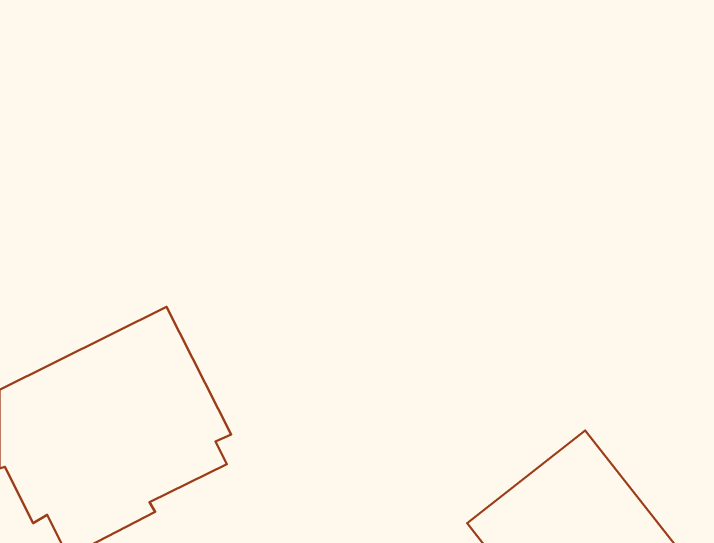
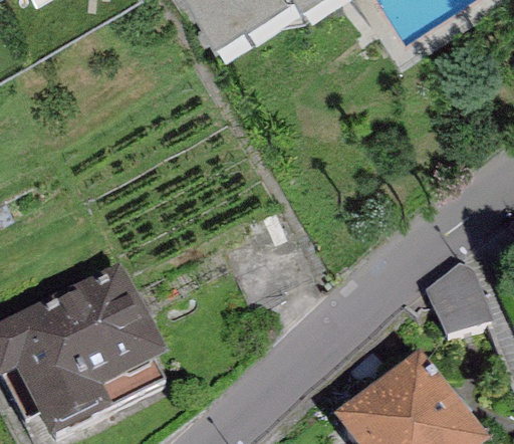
building: none -> [425,257,492,332]

